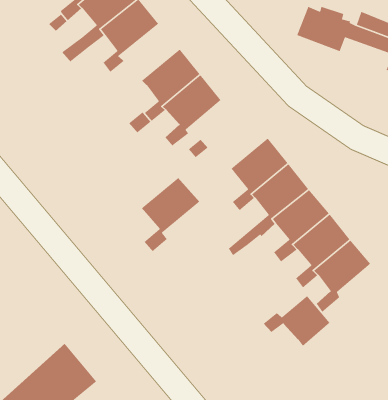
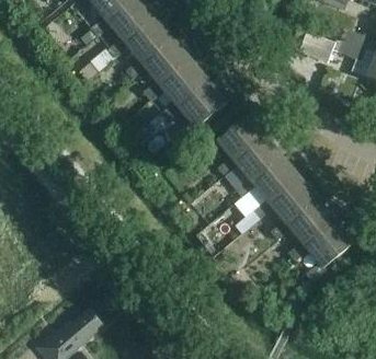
building: none -> [139,37,191,100]
building: [141,177,200,252] -> [215,113,265,176]
building: [263,295,330,347] -> none

